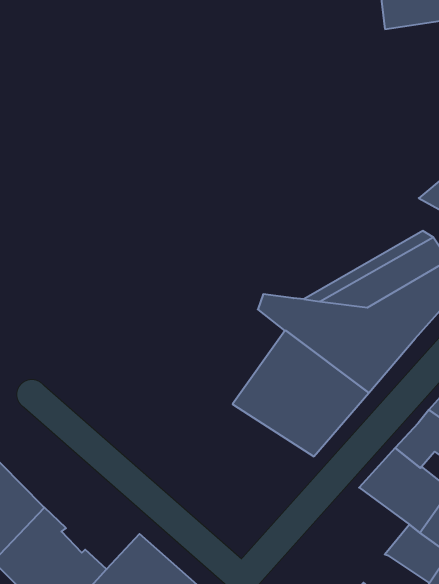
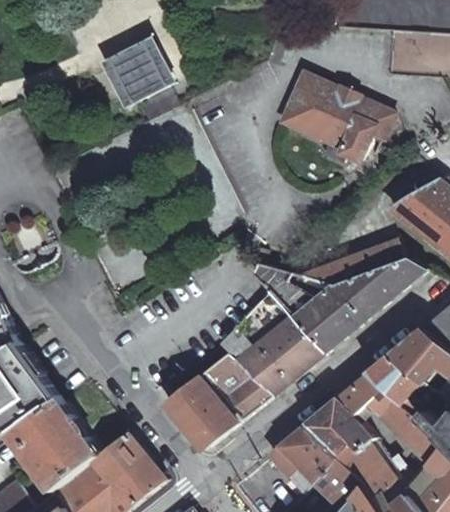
building: none -> [107,44,167,102]
building: none -> [278,74,392,162]
building: none -> [165,355,274,450]
building: none -> [271,426,339,494]

